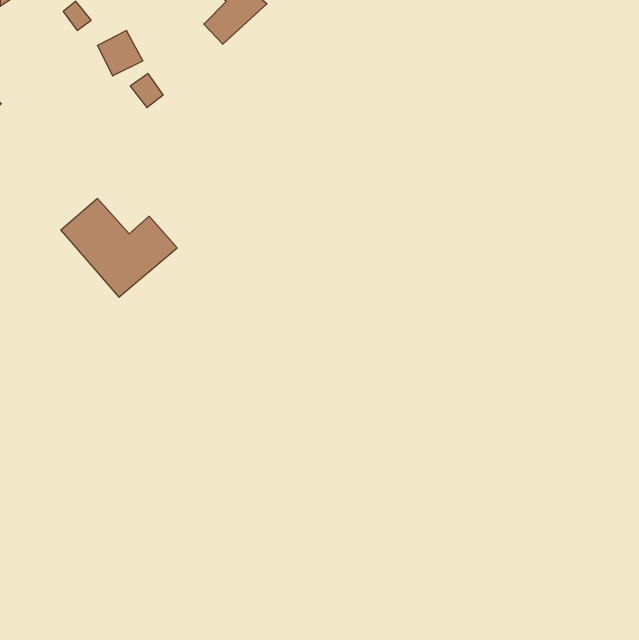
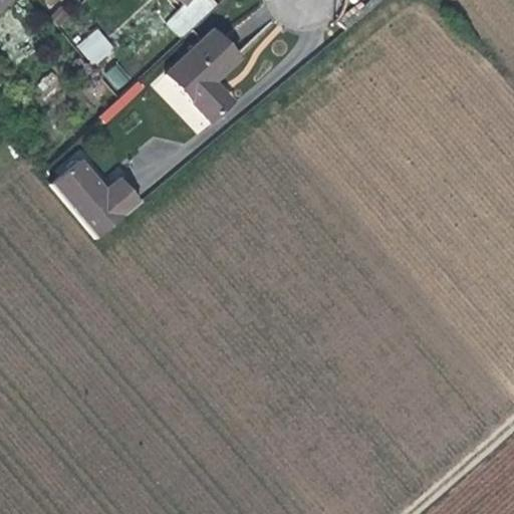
building: none -> [166,28,241,120]

